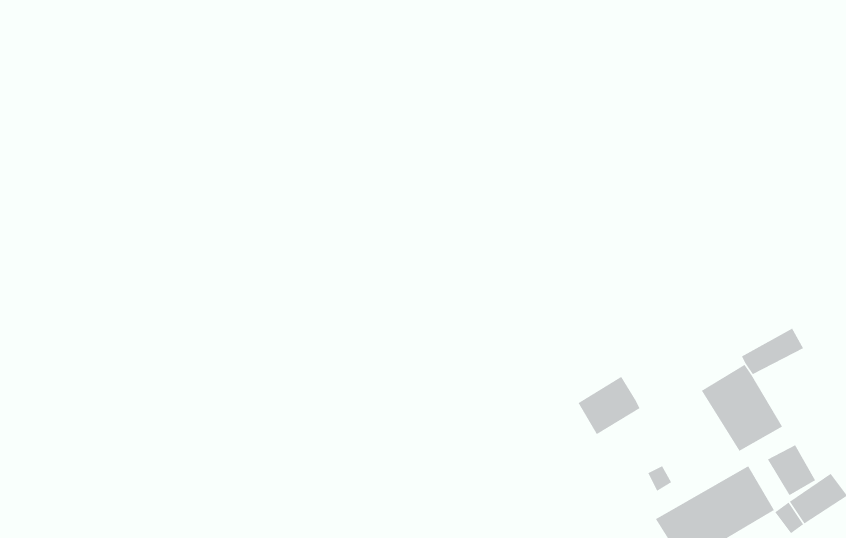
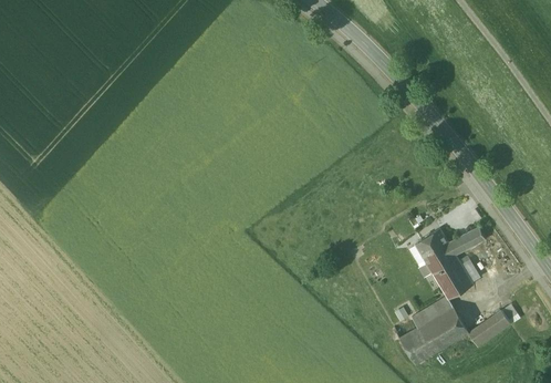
building: [577,376,641,435] -> [415,228,451,262]
building: [767,444,816,496] -> none

